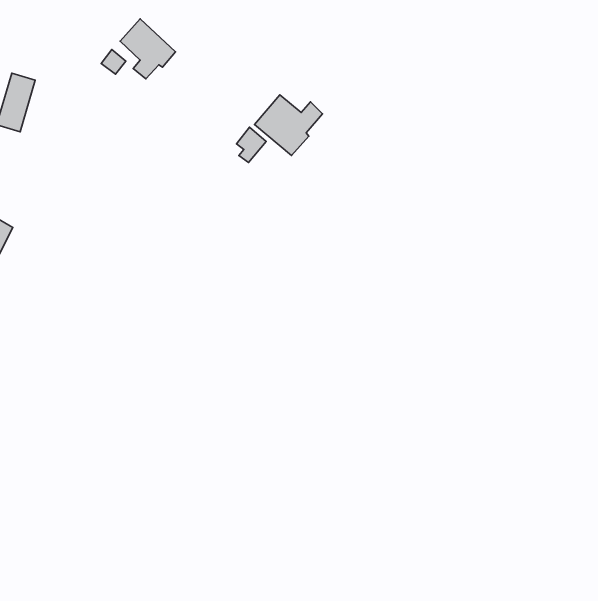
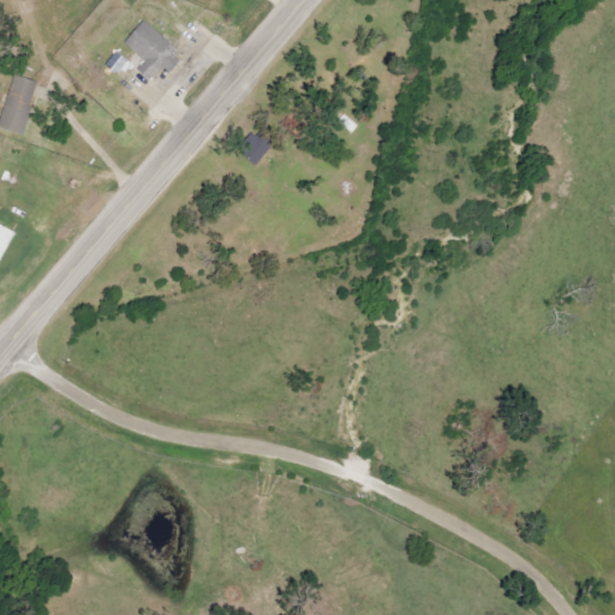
building: [254,95,322,155] -> none

